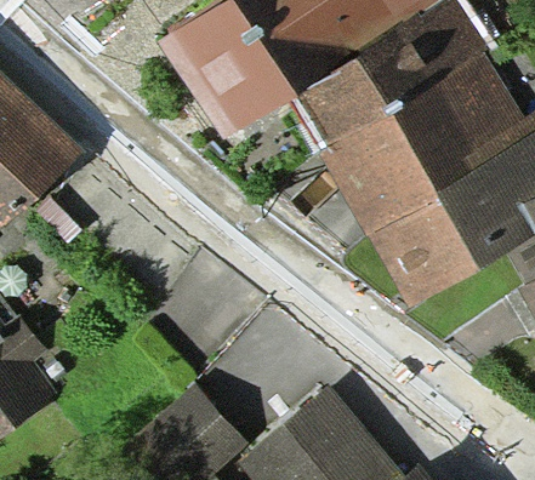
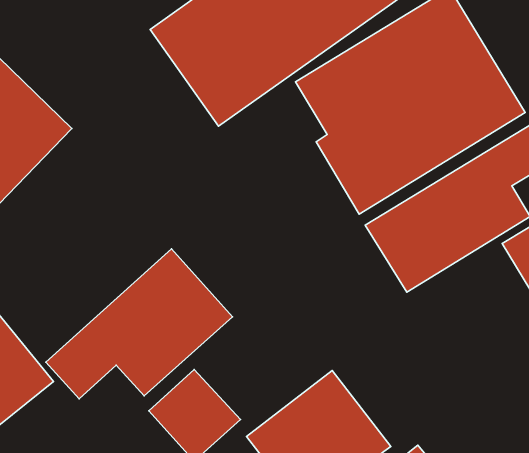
building: none -> [46,249,232,399]

